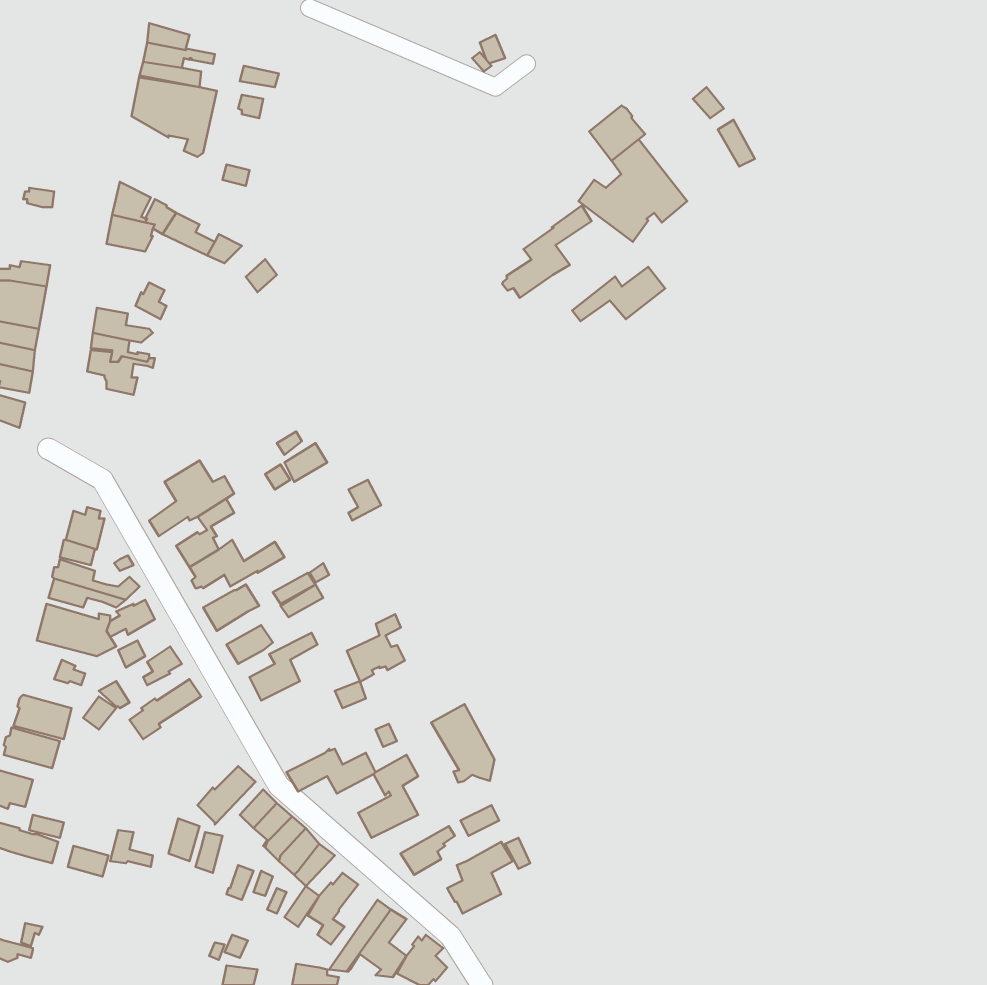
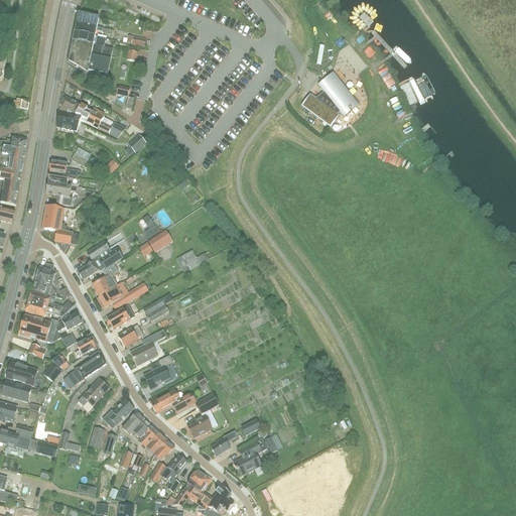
building: [589,106,645,161] -> none
building: [502,206,592,298] -> none
building: [572,267,665,321] -> none
building: none -> [43,207,79,252]
building: [347,614,405,682] -> [143,355,173,390]
building: [431,704,494,782] -> none
building: none -> [77,378,109,405]

